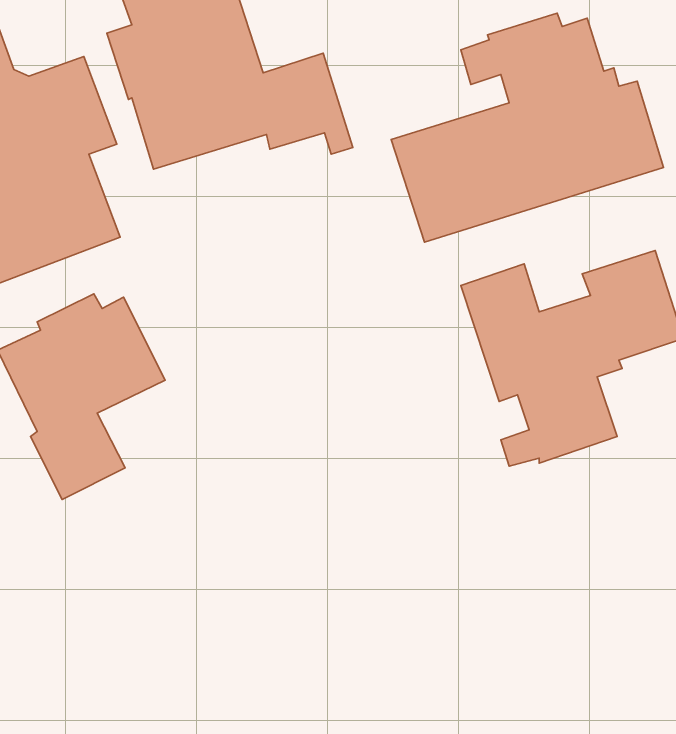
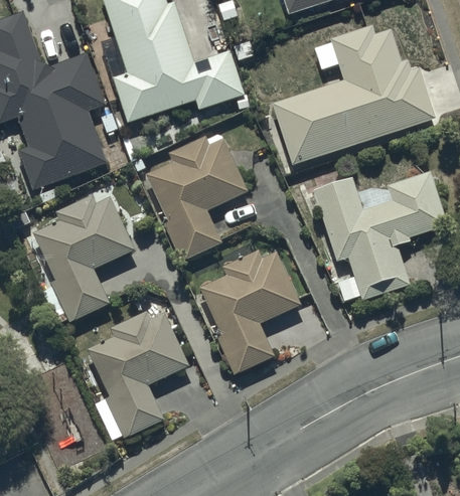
building: none -> [144,133,248,264]
building: none -> [197,251,301,373]
building: none -> [88,313,187,441]

